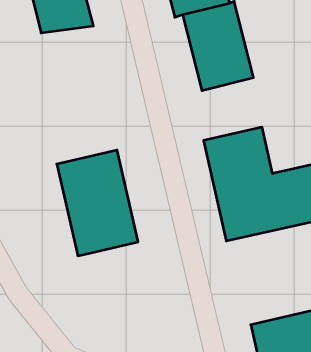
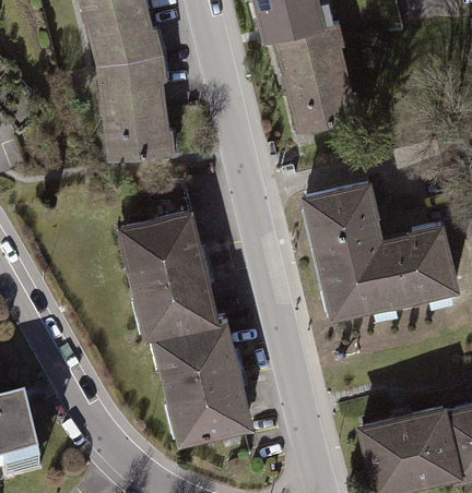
building: none -> [95,53,172,160]
building: none -> [151,321,251,447]

